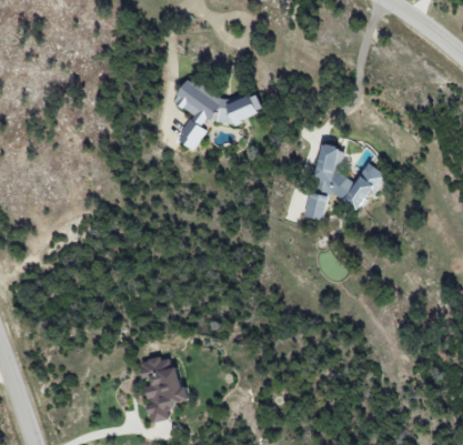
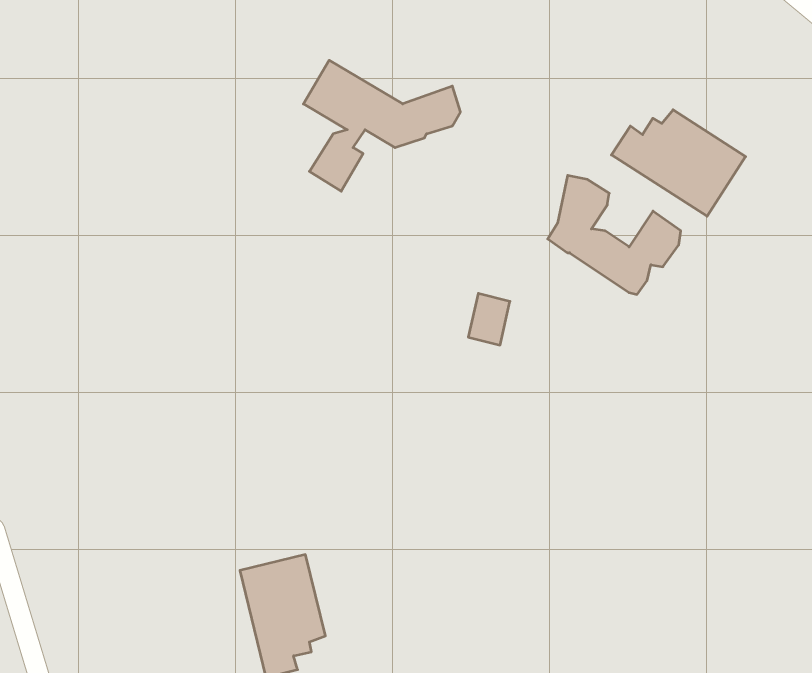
building: none -> [611,110,746,216]
building: [304,191,328,220] -> [468,293,510,345]

